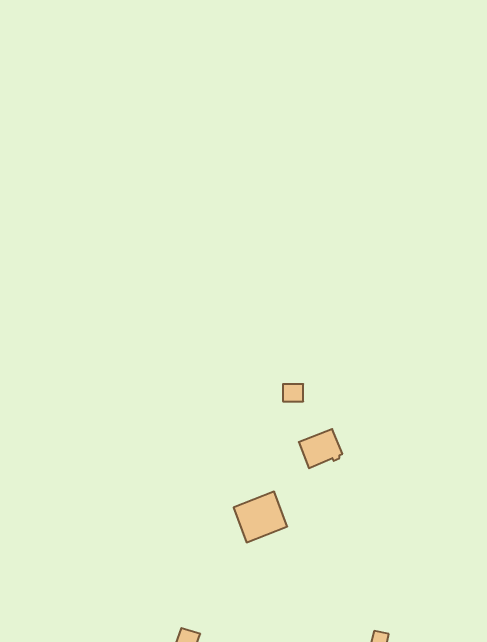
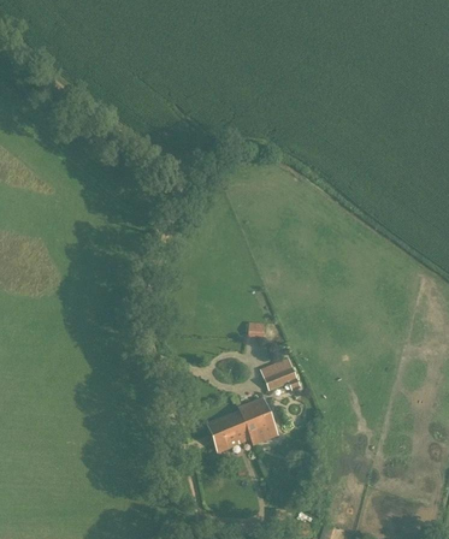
building: none -> [240,399,278,444]

